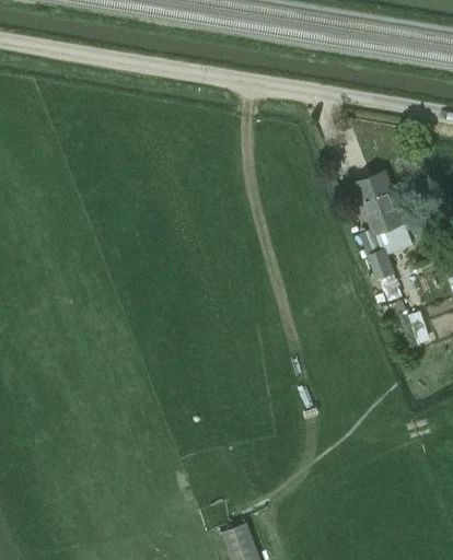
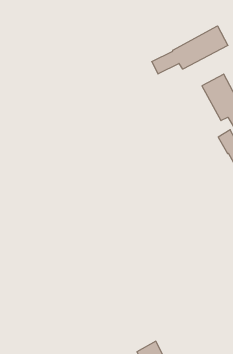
building: none -> [152,26,228,74]

